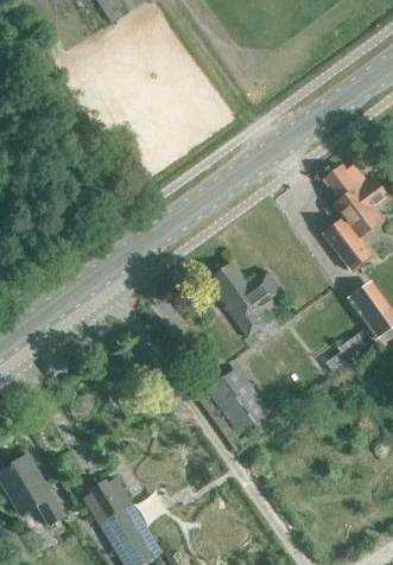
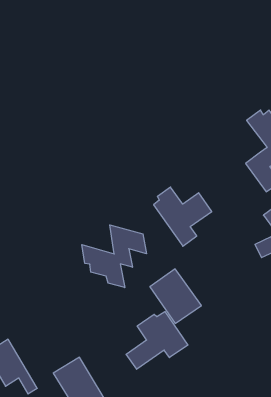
building: none -> [82,225,146,288]
building: none -> [126,312,188,369]

